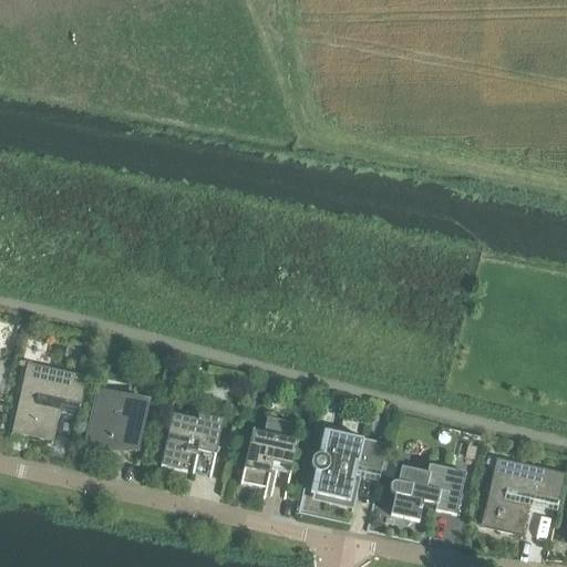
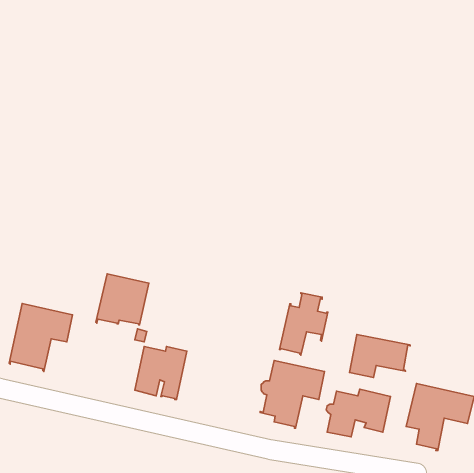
building: [84,389,147,450] -> [96,274,149,325]
building: none -> [349,334,410,377]
building: [240,414,298,488] -> [280,293,328,355]

